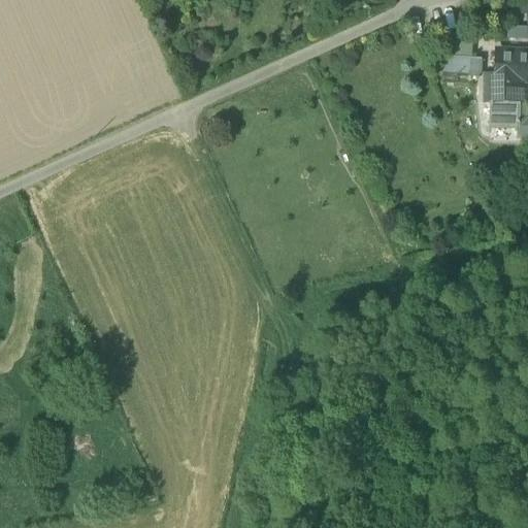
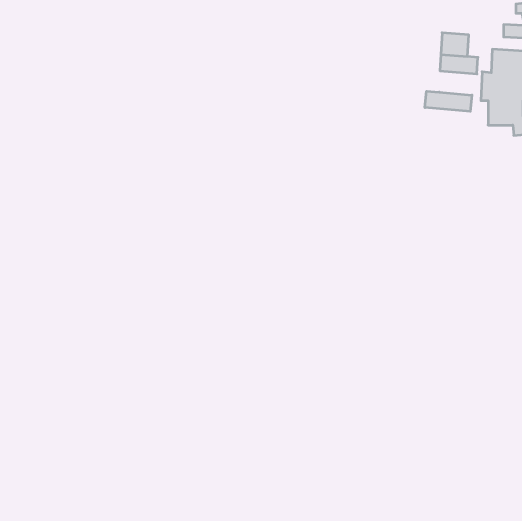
building: none -> [425,91,472,111]

